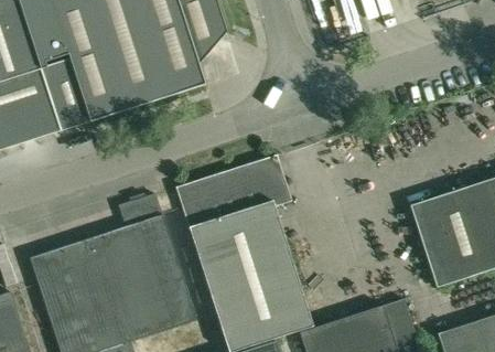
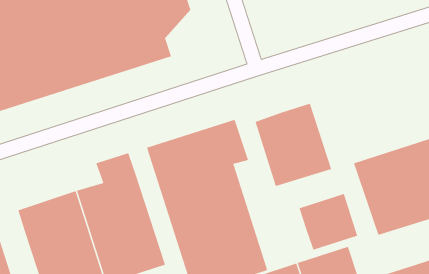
building: none -> [255,103,332,187]
building: none -> [299,193,358,250]

